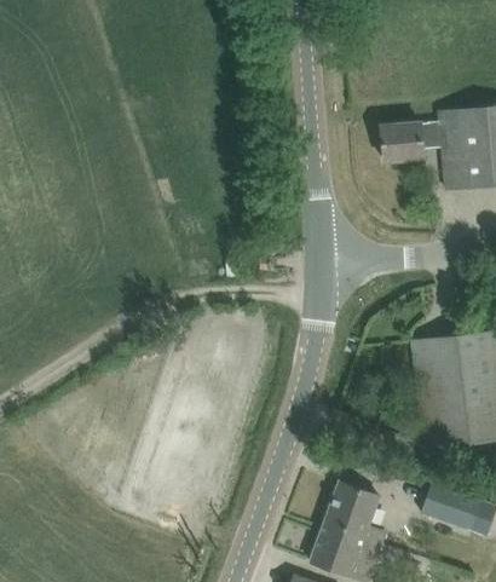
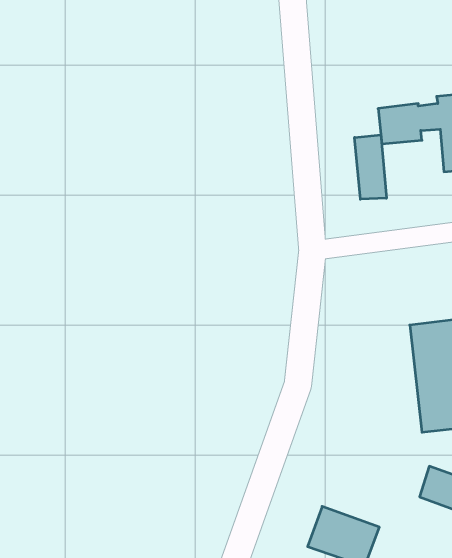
building: none -> [355,135,386,199]
building: [324,482,385,542] -> none

